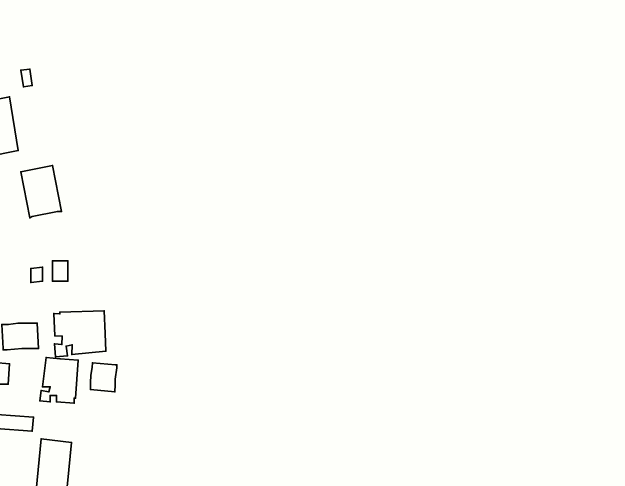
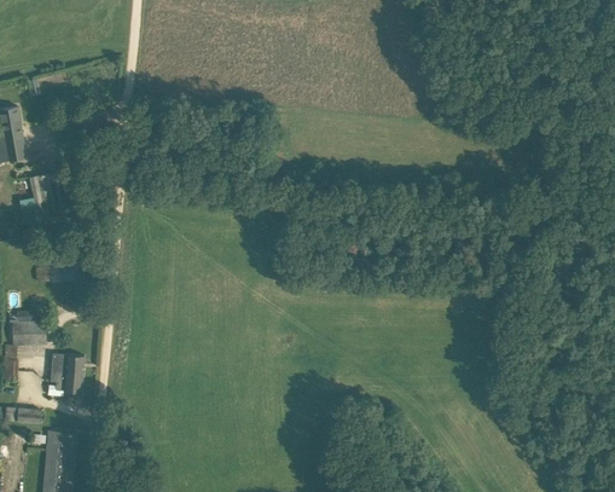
building: [54,311,106,357] -> none
building: [90,363,117,392] -> none

